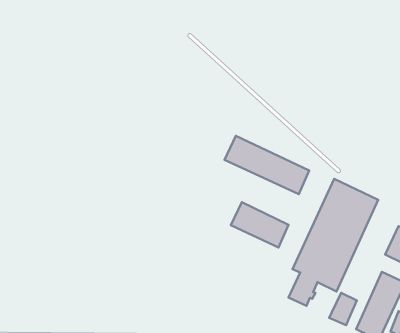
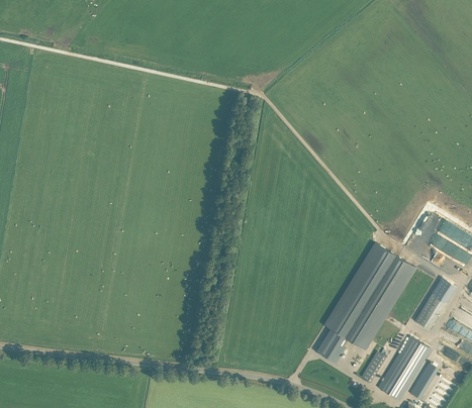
building: [225,136,309,194] -> none
building: [231,202,289,247] -> none

